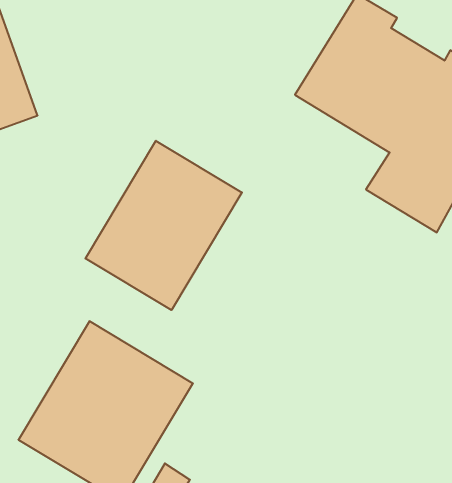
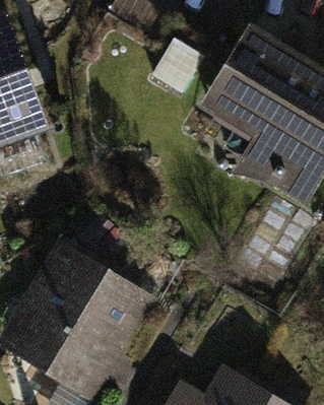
building: [85,141,242,310] -> none

